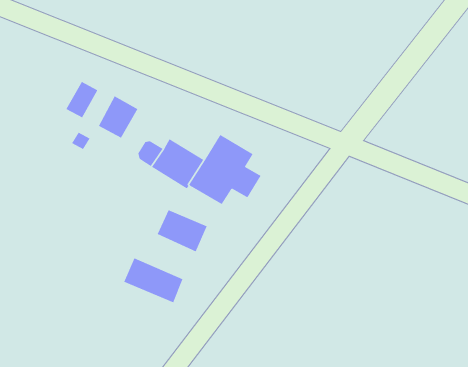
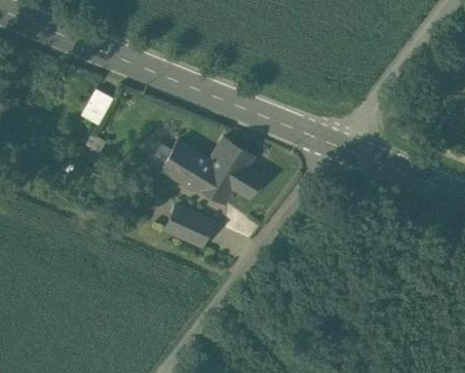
building: [98,96,138,139] -> none
building: [123,257,183,303] -> none

